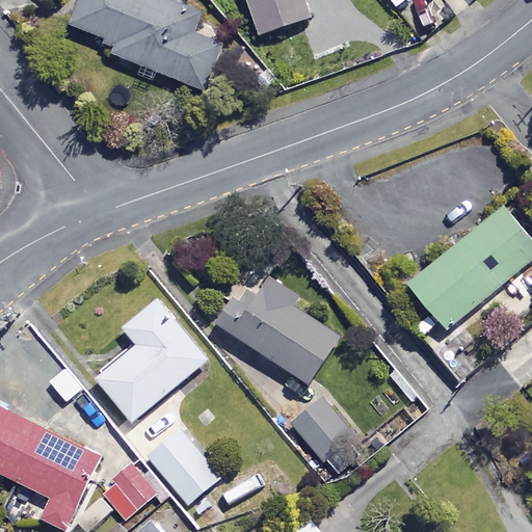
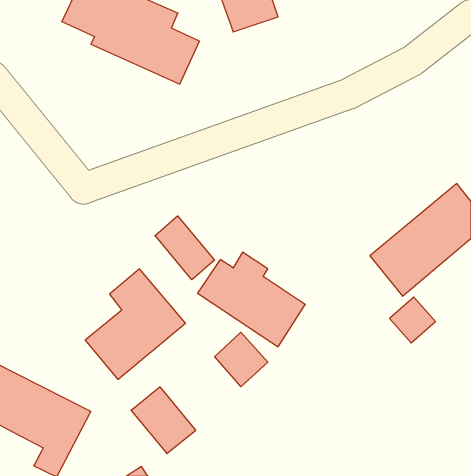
building: none -> [155,216,215,280]
building: [291,397,350,457] -> [215,332,268,387]
building: [100,462,157,518] -> none

